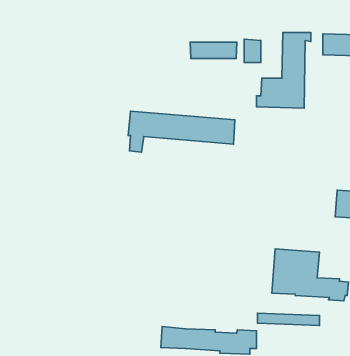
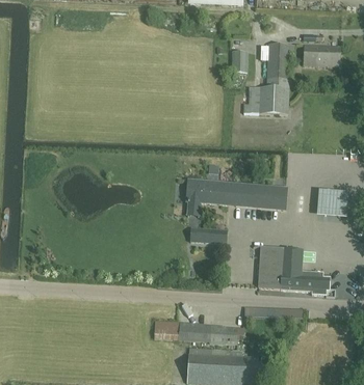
building: [190,42,237,58] -> none
building: [128,111,235,152] -> [186,177,286,216]
building: none -> [190,225,228,242]

